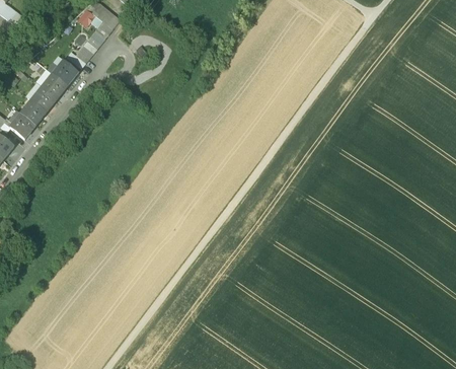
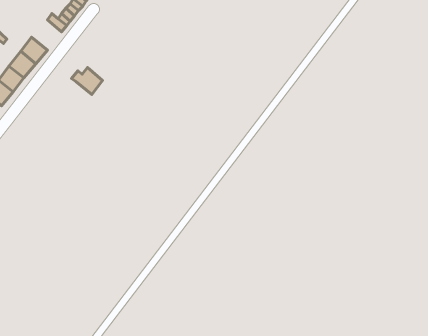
building: [48,60,77,85] -> [71,68,103,94]

